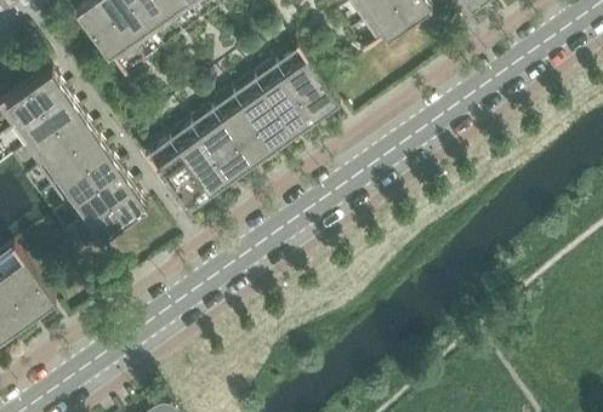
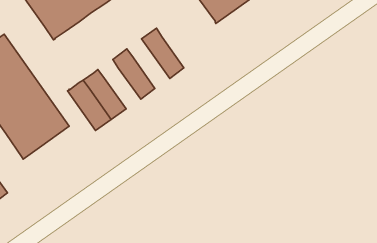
building: [274,42,337,118] -> none
building: [231,75,294,148] -> none
building: [188,105,251,178] -> none

